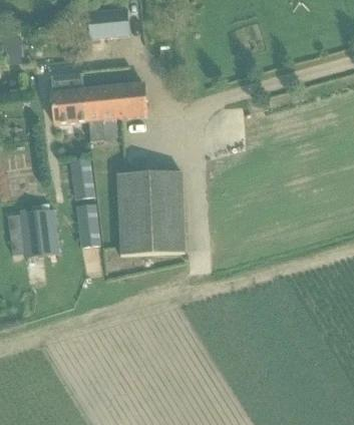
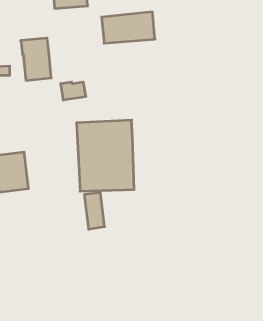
building: [82,83,145,120] -> [102,12,155,43]
building: [69,157,93,198] -> none
building: [75,203,99,247] -> [84,193,105,229]

